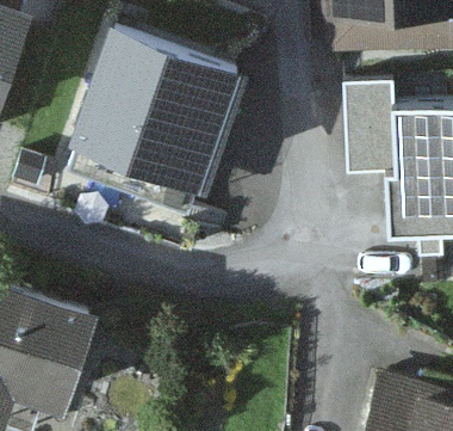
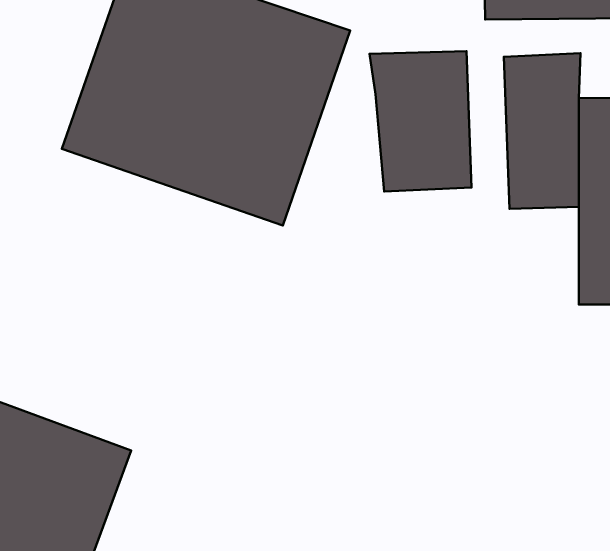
building: none -> [370,51,472,191]

